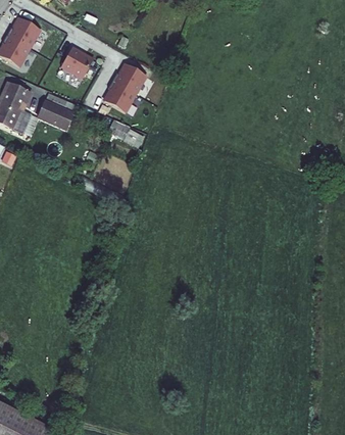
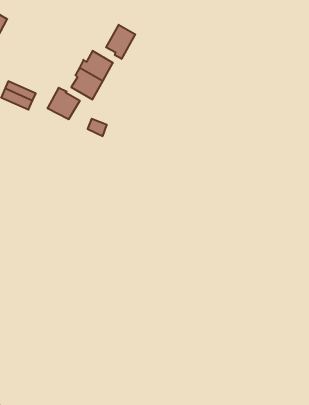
building: none -> [106,25,135,59]
building: [62,43,95,75] -> [47,88,80,119]

